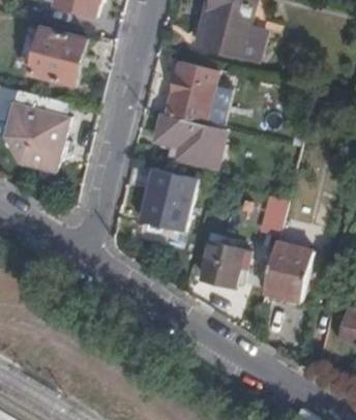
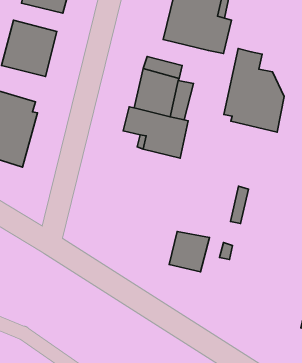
building: none -> [224,49,284,132]
building: [138,168,197,231] -> none
building: [262,241,312,300] -> none

